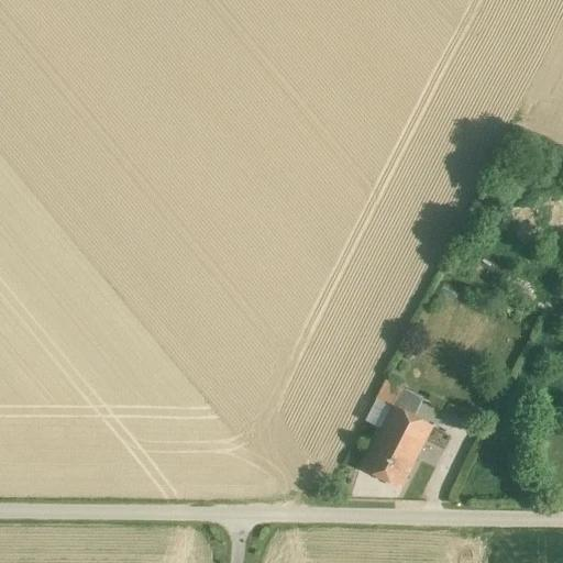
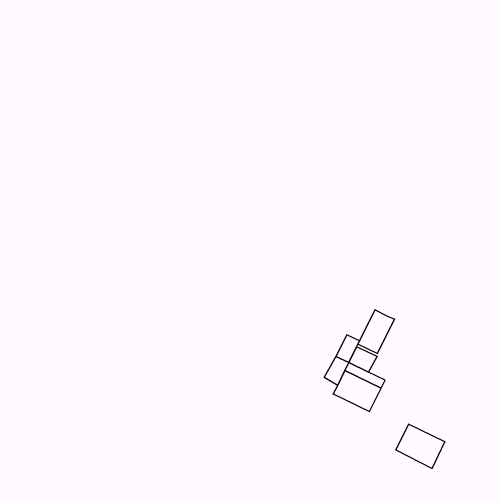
building: none -> [358,310,395,354]
building: [360,441,415,490] -> [396,424,445,468]

